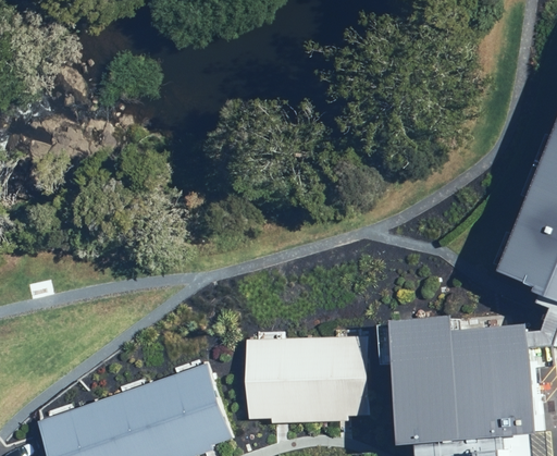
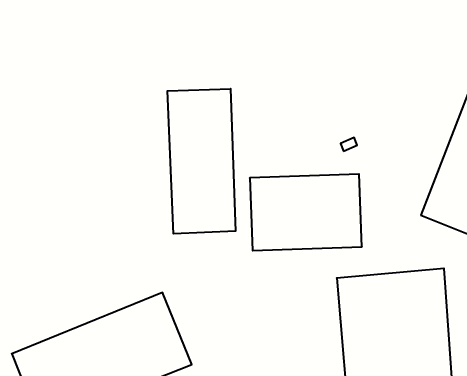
building: none -> [167,89,236,234]
building: [240,333,367,419] -> [250,174,362,251]

